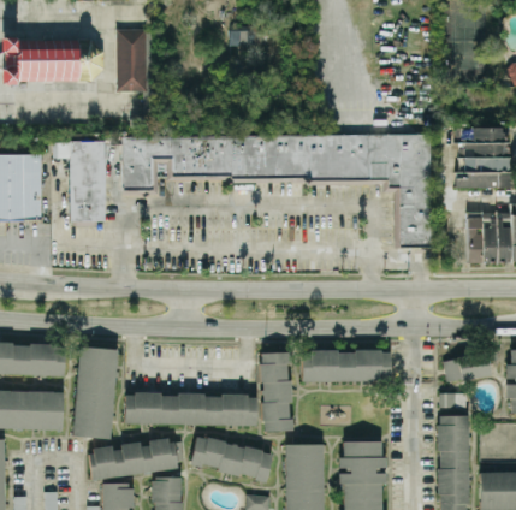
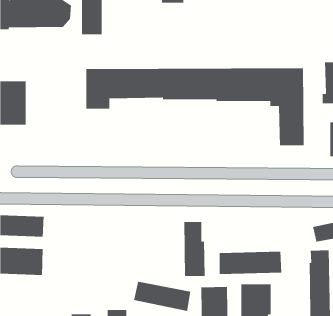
building: [52,141,105,225] -> none
building: [73,346,117,437] -> none
building: [302,349,391,382] -> [219,251,282,275]
building: [124,392,257,426] -> none
building: [88,438,184,478] -> none

